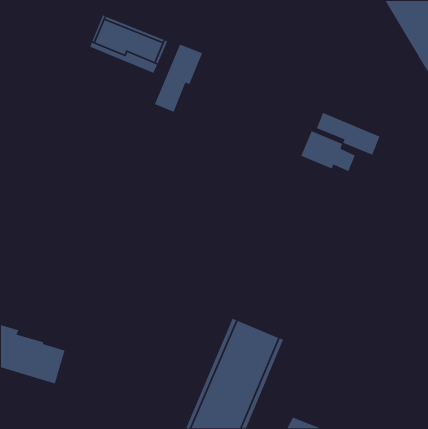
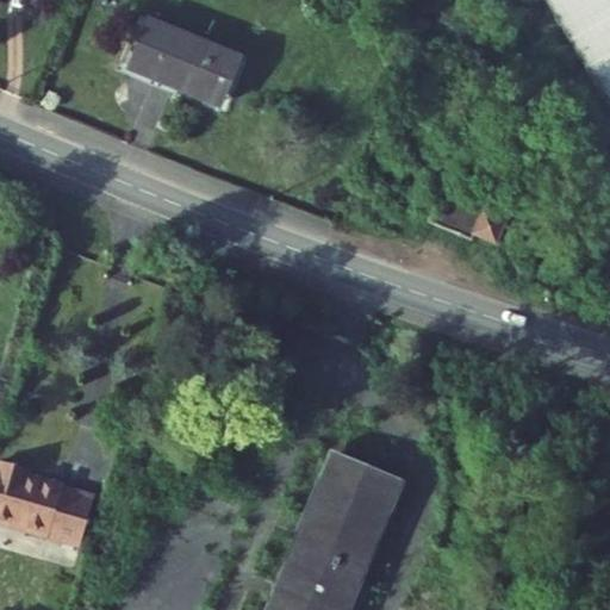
building: [154,44,203,113] -> none
building: [316,112,381,156] -> none

